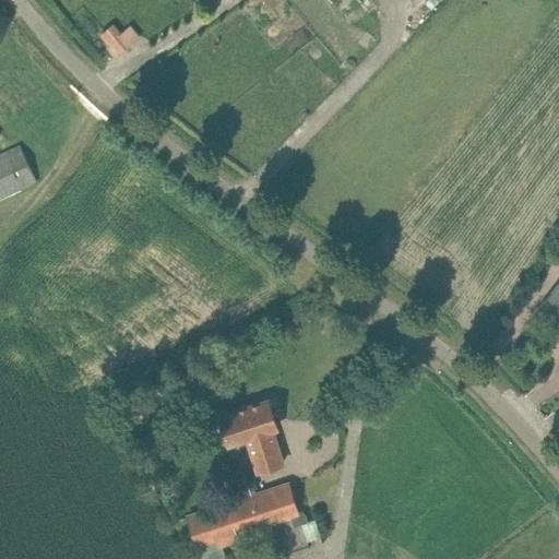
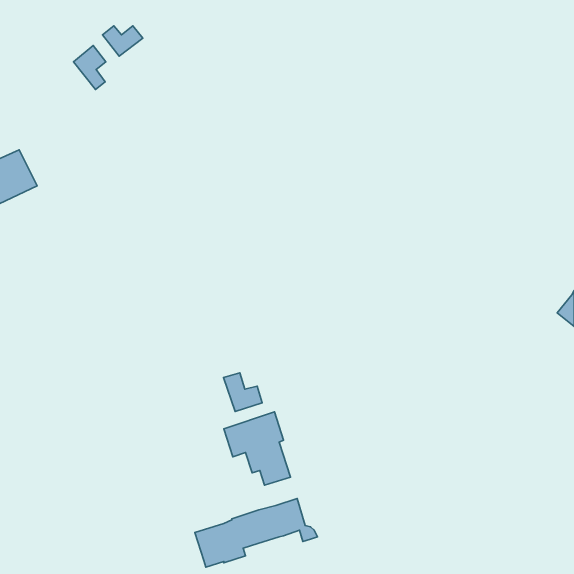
building: none -> [74,46,106,89]
building: none -> [224,373,262,411]

